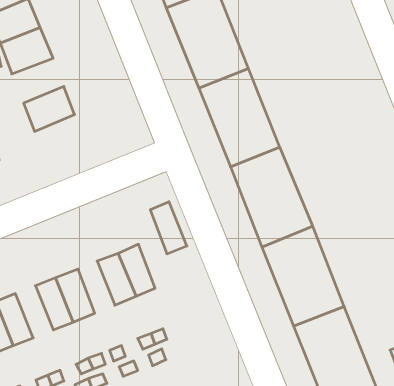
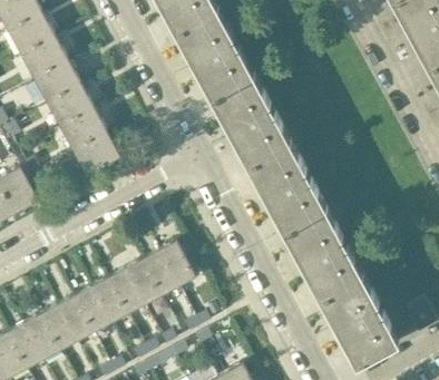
building: none -> [46,87,92,129]
building: none -> [71,134,118,176]
building: [150,202,187,254] -> [124,260,159,305]
building: none -> [71,288,108,333]

